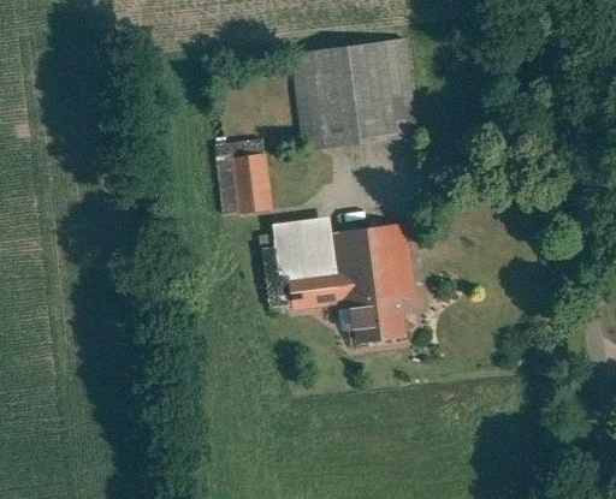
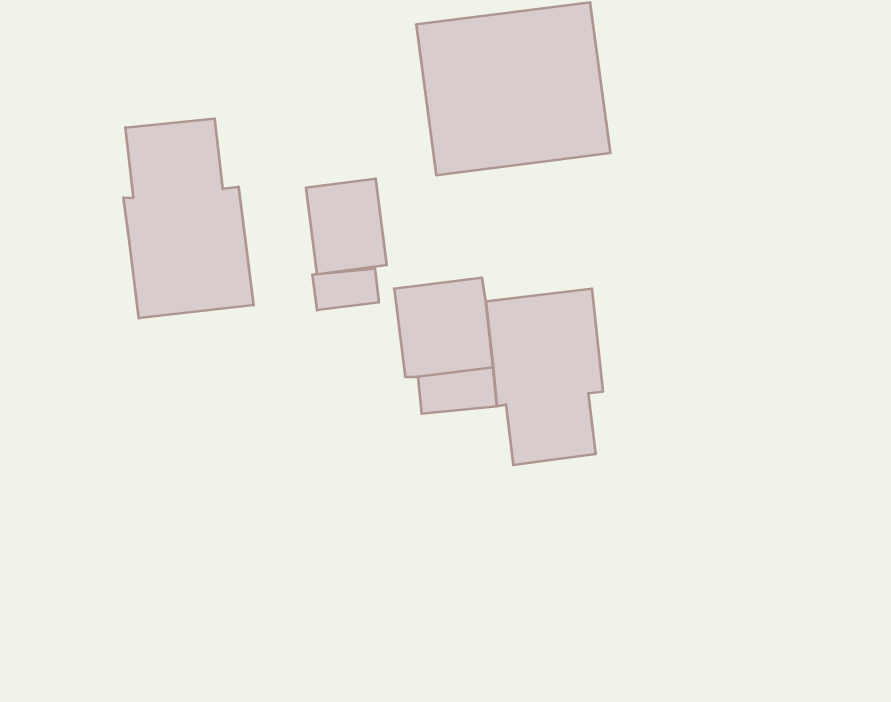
building: none -> [123,119,254,318]
building: none -> [312,268,379,310]

